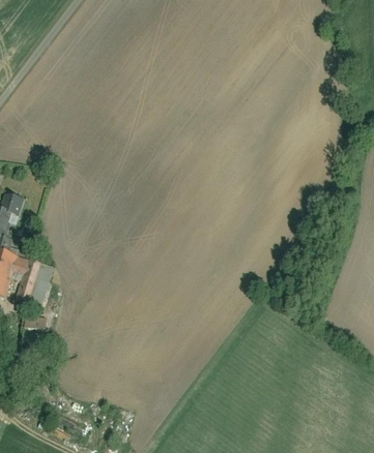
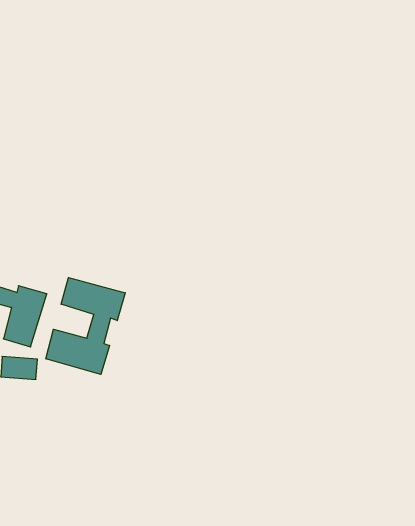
building: none -> [46,278,125,374]

